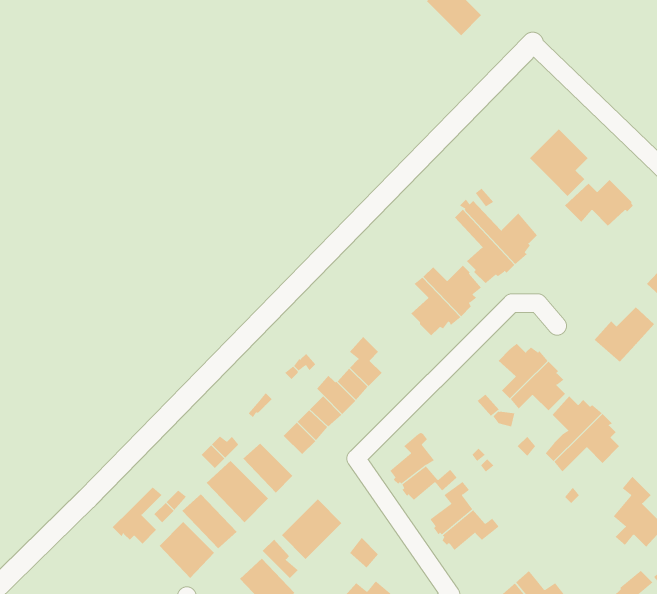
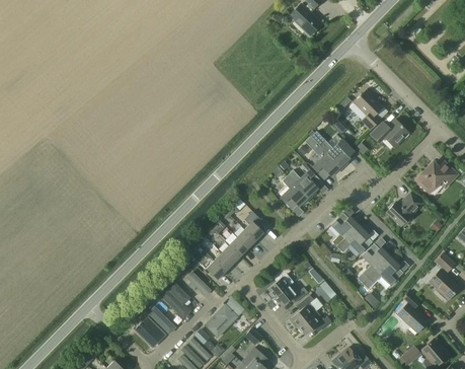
building: [112,487,162,544] -> none

